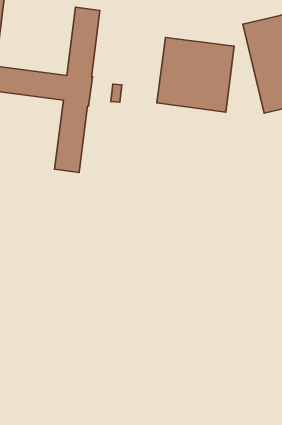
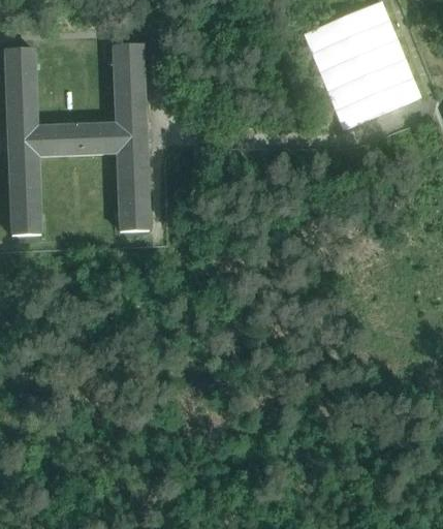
building: [157,38,234,112] -> none

